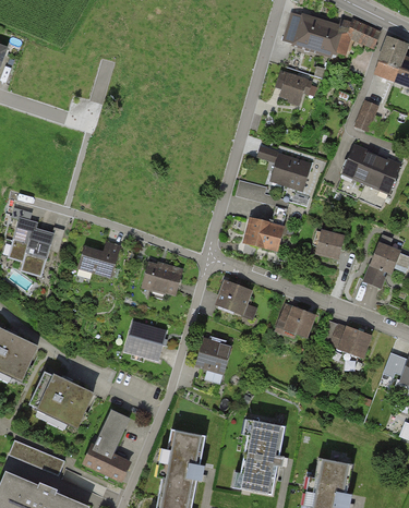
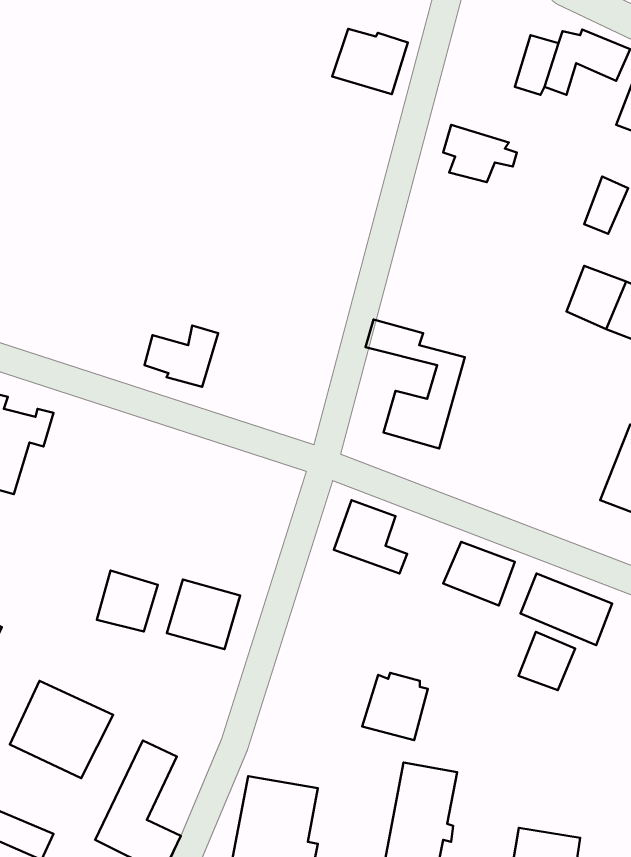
building: [282,15,324,51] -> [332,29,408,94]
building: [261,149,310,192] -> none
building: [316,226,344,255] -> none
building: [80,241,120,275] -> [145,325,218,387]
building: [143,259,180,295] -> none
building: none -> [97,570,158,632]
building: [195,336,231,373] -> [362,673,428,740]
building: none -> [518,632,575,690]

